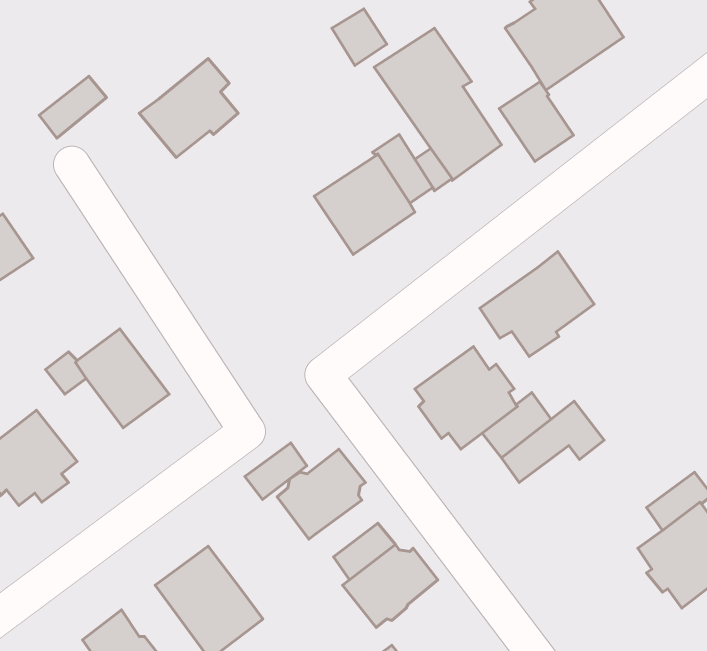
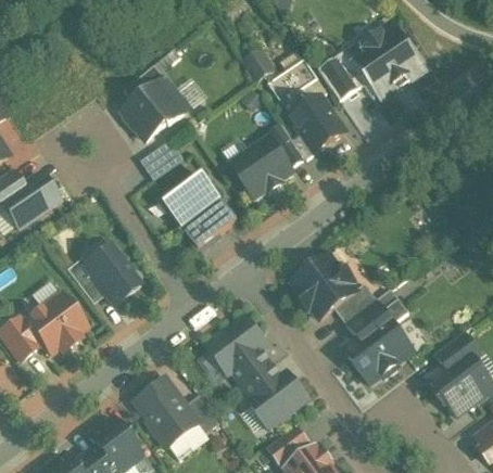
building: [39,76,106,138] -> [125,65,166,103]
building: [499,82,574,162] -> [319,51,365,100]
building: none -> [141,140,184,179]
building: none -> [165,175,238,248]
building: [480,251,594,357] -> none
building: [245,443,307,499] -> [232,349,270,384]
building: none -> [344,316,414,383]
building: none -> [187,395,220,433]

